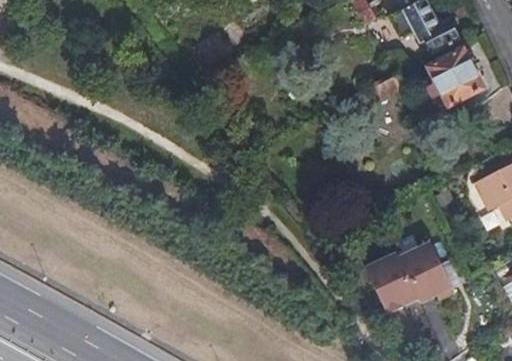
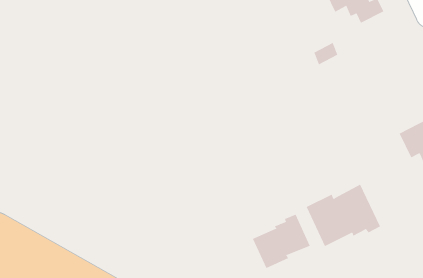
building: [424,46,485,107] -> none
building: none -> [252,214,311,269]

